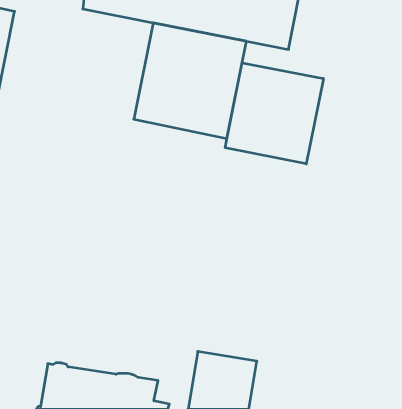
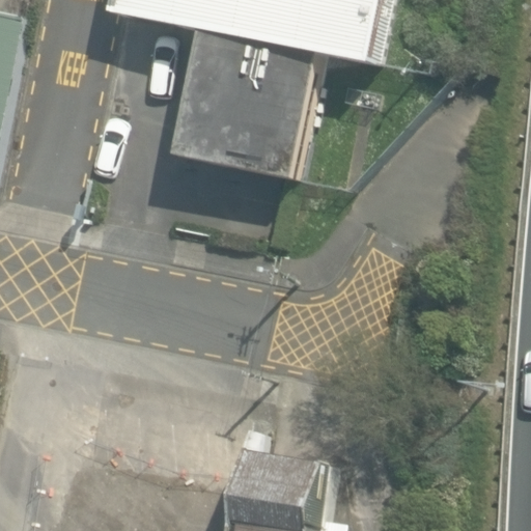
building: [225,63,323,164] -> none

